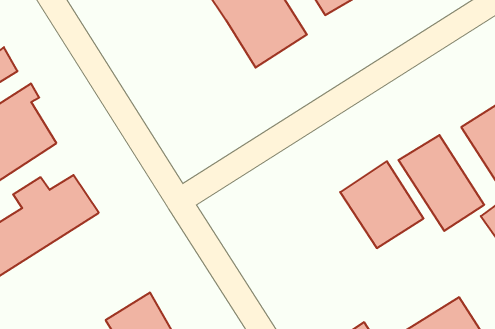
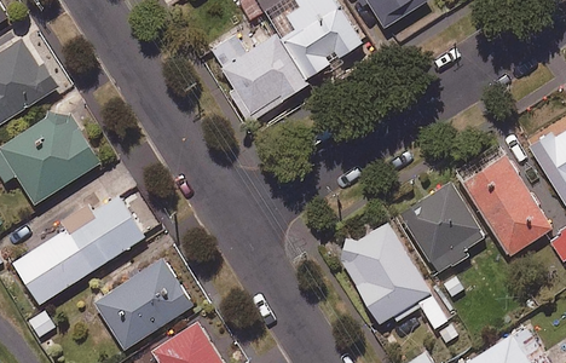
building: none -> [207,31,310,120]
building: none -> [335,221,446,329]
building: none -> [93,257,191,346]

